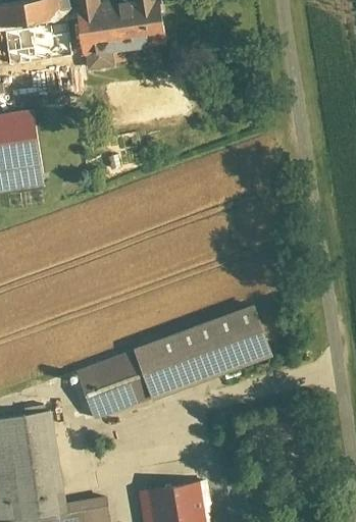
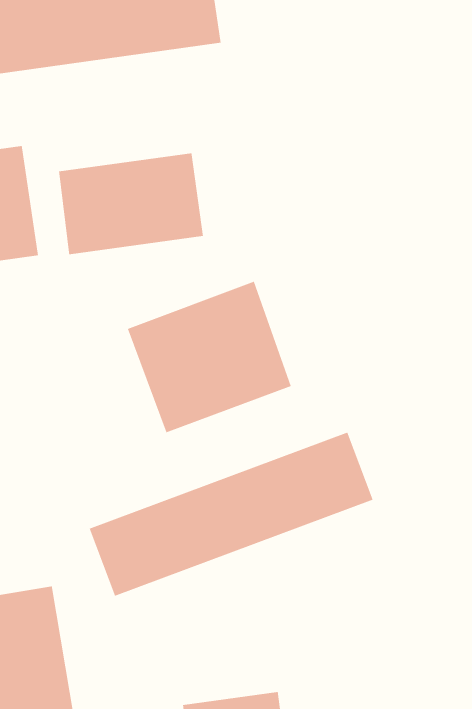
building: none -> [58,152,204,255]
building: none -> [127,281,291,433]

